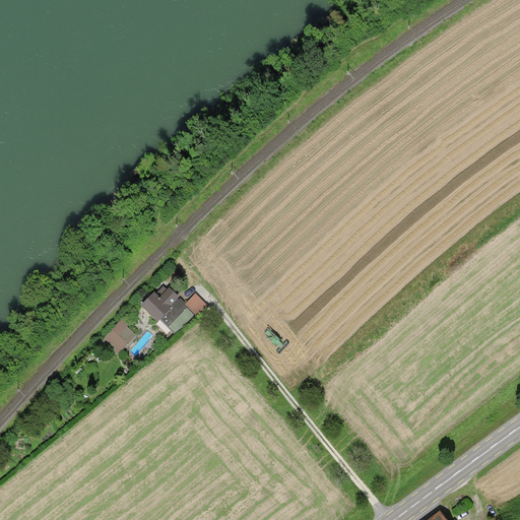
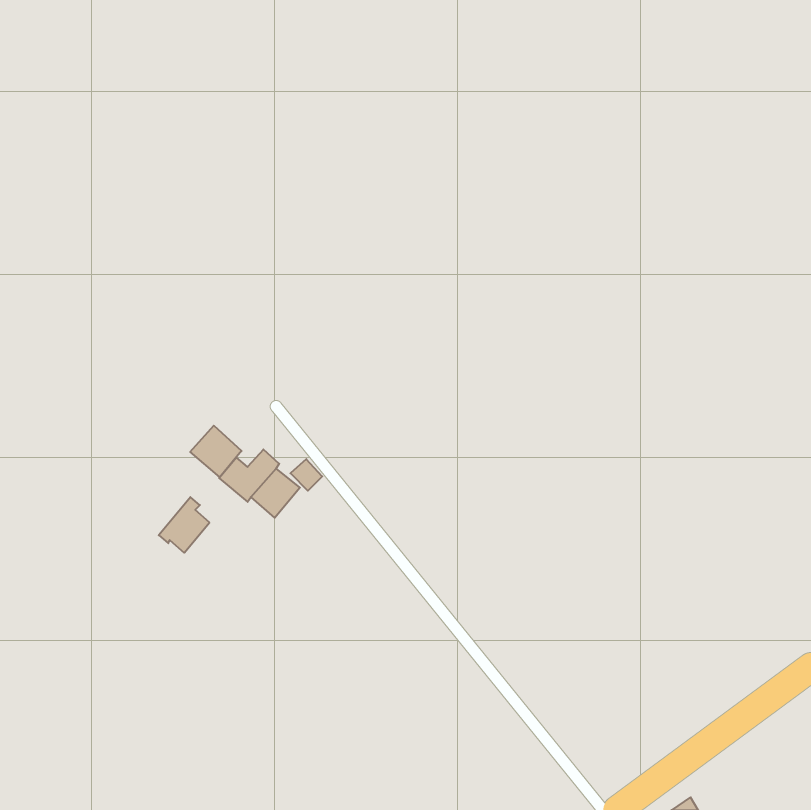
building: none -> [190,426,242,477]

